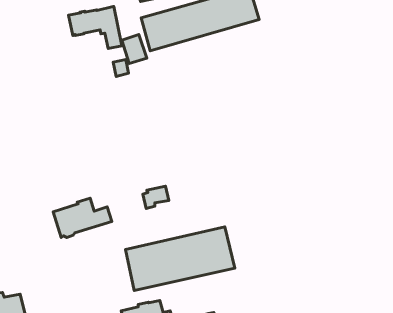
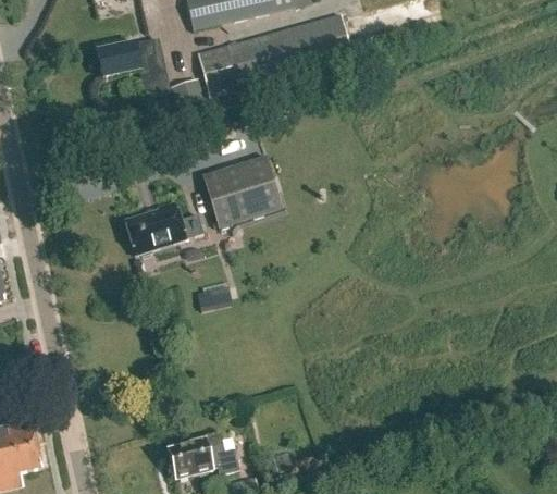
building: none -> [201,156,283,227]
building: [53,198,112,238] -> [124,201,203,255]
building: [126,227,235,290] -> none

